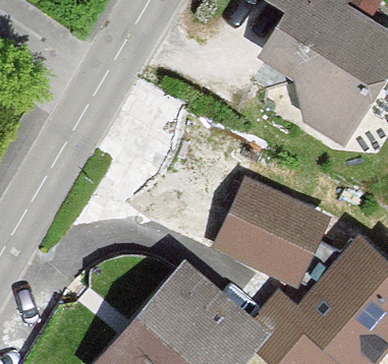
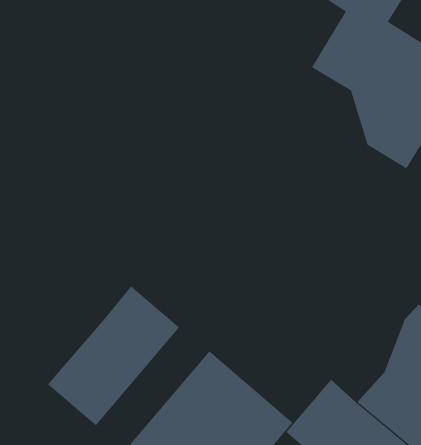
building: [224,191,339,294] -> none
building: none -> [47,285,180,426]

